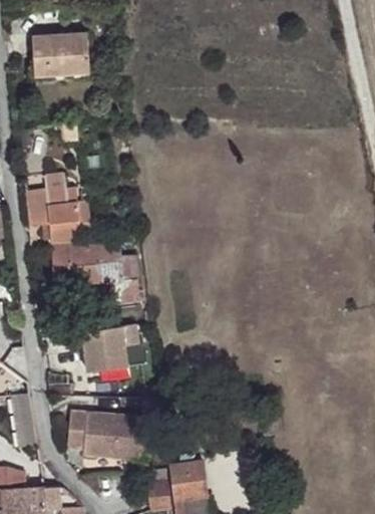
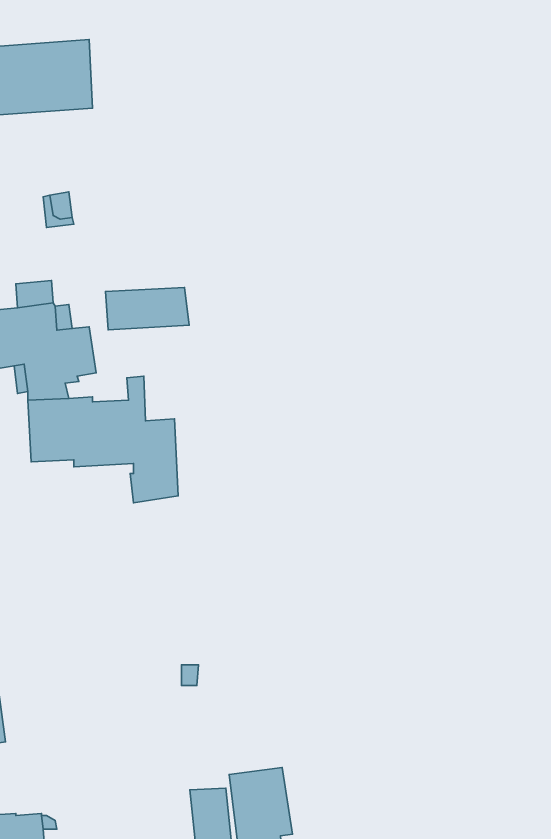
building: none -> [106,287,189,330]
building: [72,324,138,370] -> none
building: [67,411,148,460] -> none

